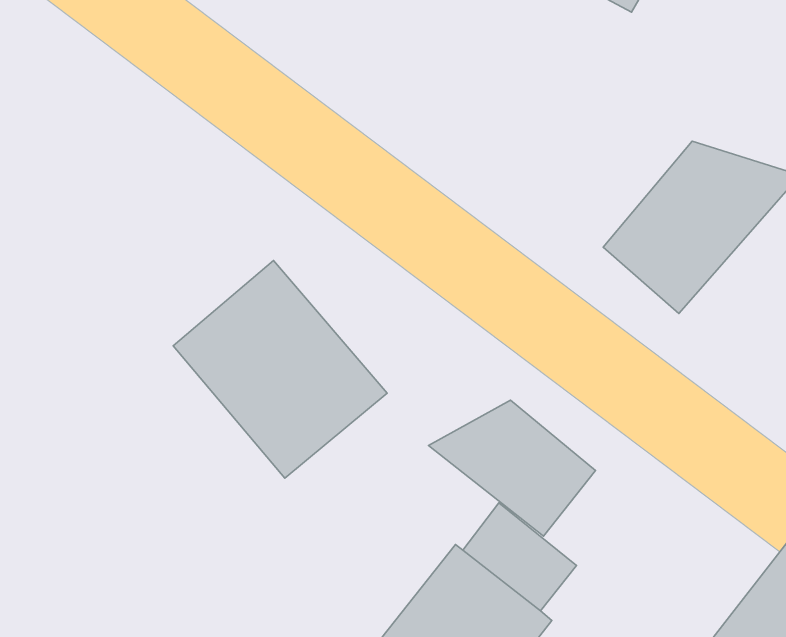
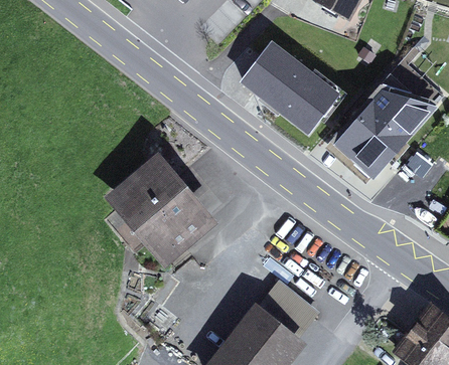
building: none -> [239,40,340,135]
building: [429,400,595,536] -> none

